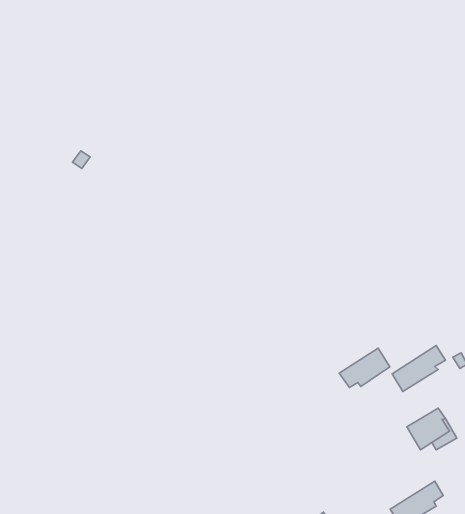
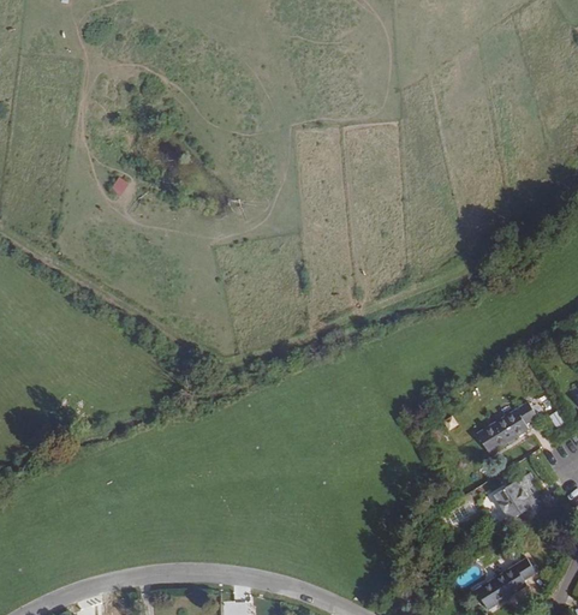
building: [339,348,390,388] -> none

